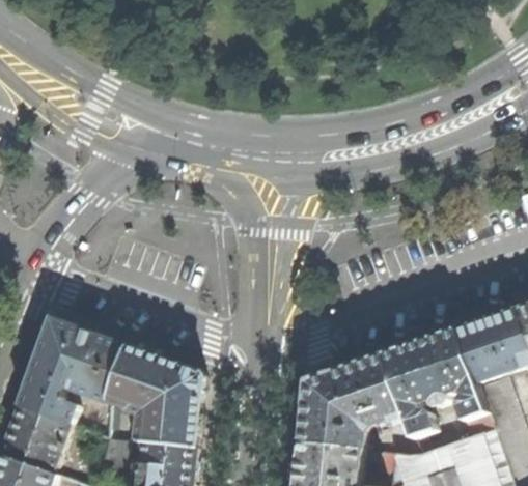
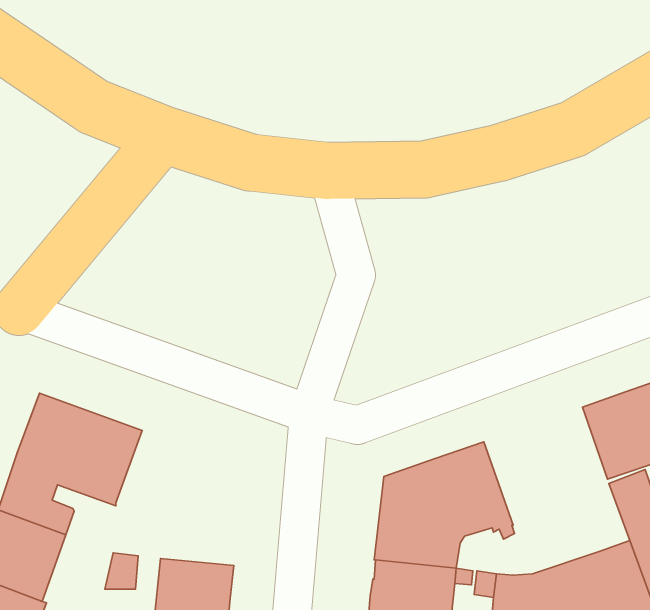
building: [380,331,489,439] -> none
building: [105,348,200,449] -> none

